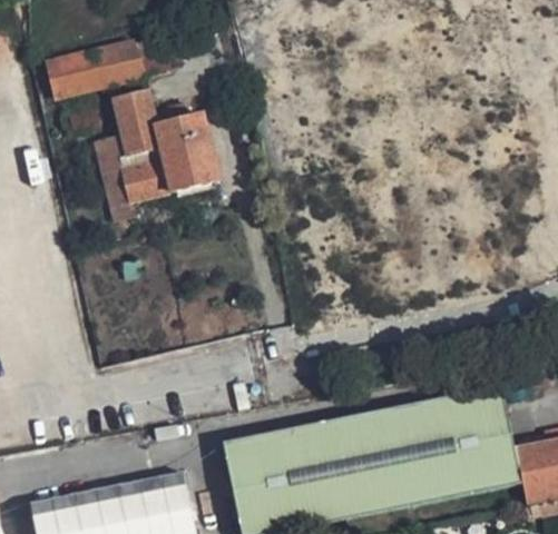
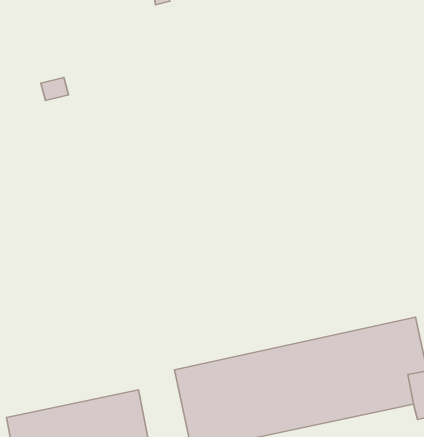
building: [48,40,143,98] -> none
building: [95,91,221,217] -> none

